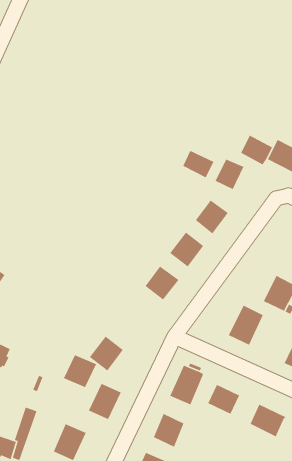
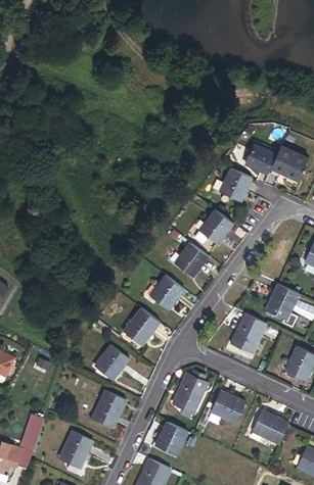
building: [182,150,214,178] -> none
building: none -> [122,306,159,344]
building: [63,354,97,388] -> none

